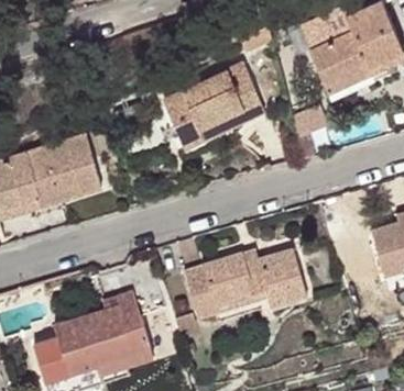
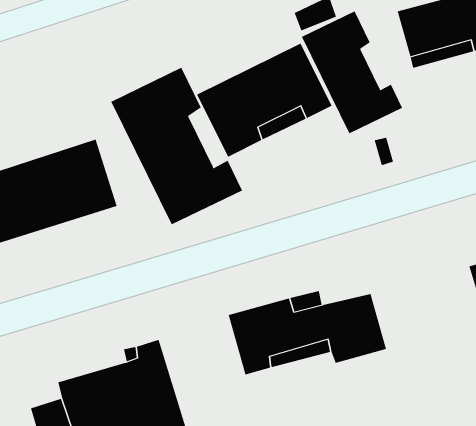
building: none -> [301,10,403,134]
building: none -> [110,67,243,225]

